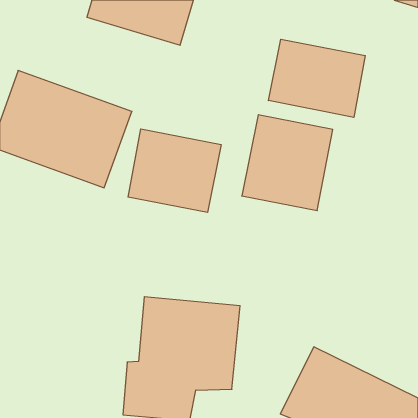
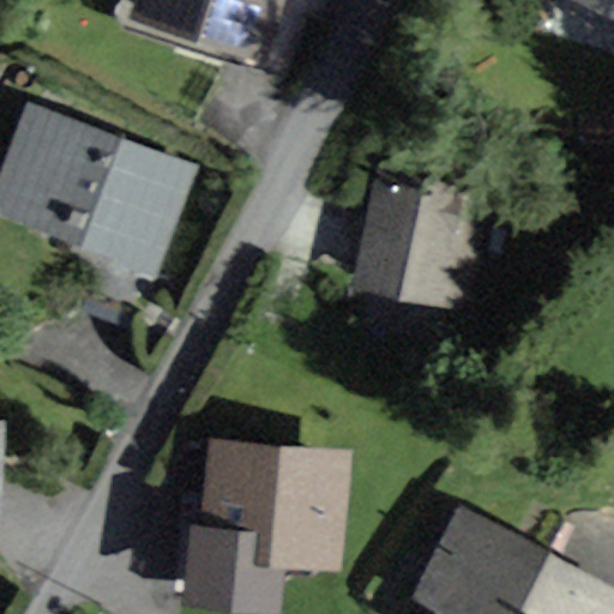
building: [268,39,365,117] -> none
building: [128,129,221,212] -> none

